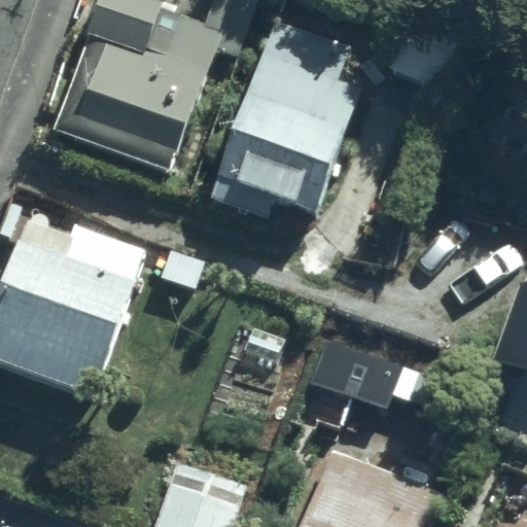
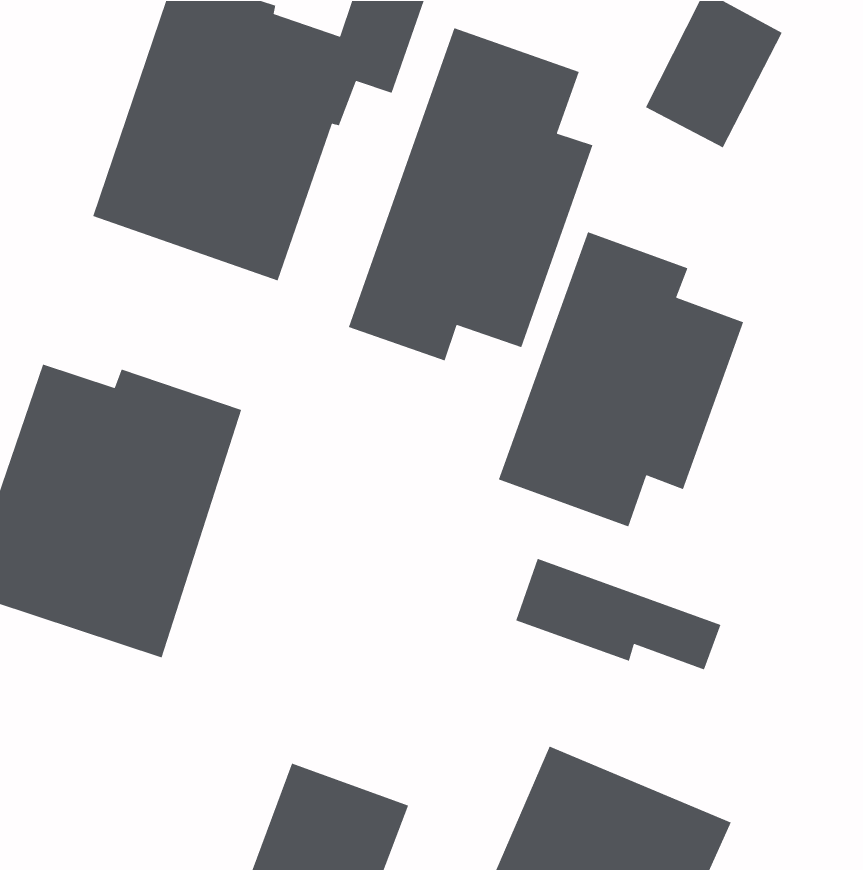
building: none -> [498,231,744,527]

